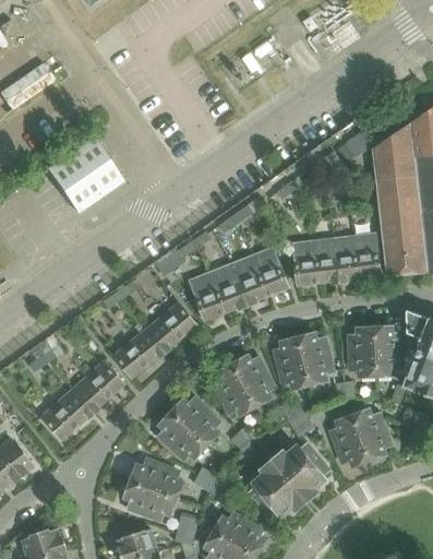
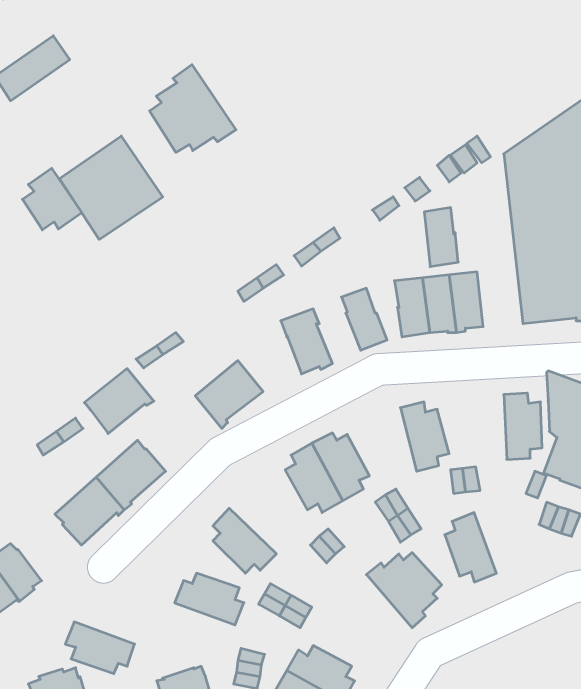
building: none -> [150,65,236,152]
building: none -> [22,168,82,230]
building: [353,234,378,277] -> [424,208,458,267]
building: [232,255,267,305] -> none
building: [190,273,224,320] -> none
building: [348,328,375,377] -> none
building: [113,329,165,377] -> [84,369,154,434]
building: [273,337,309,389] -> none
building: [170,397,218,445] -> none
building: [351,409,389,460] -> none
building: [250,461,305,518] -> none
building: [123,481,175,520] -> [65,622,135,674]

